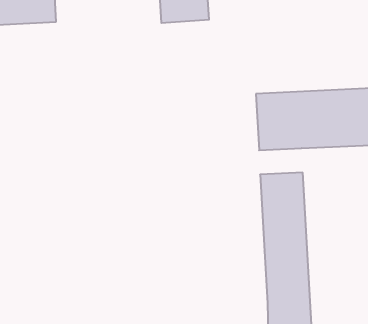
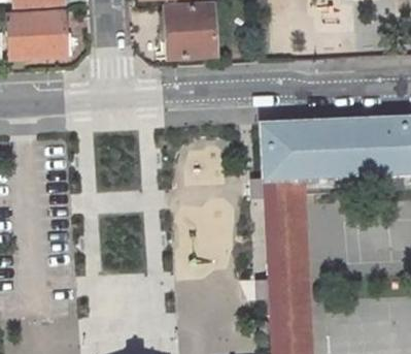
building: none -> [263,179,305,204]

